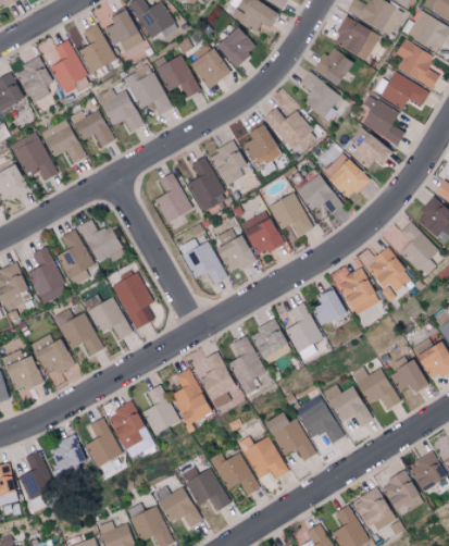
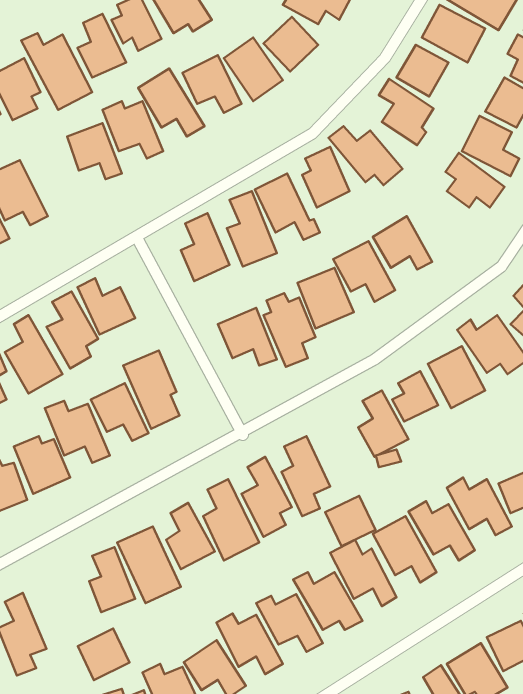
building: [41,121,85,164] -> none
building: [325,153,369,200] -> none
building: [250,321,287,358] -> [325,496,375,546]
building: [49,435,87,473] -> [78,628,129,680]

